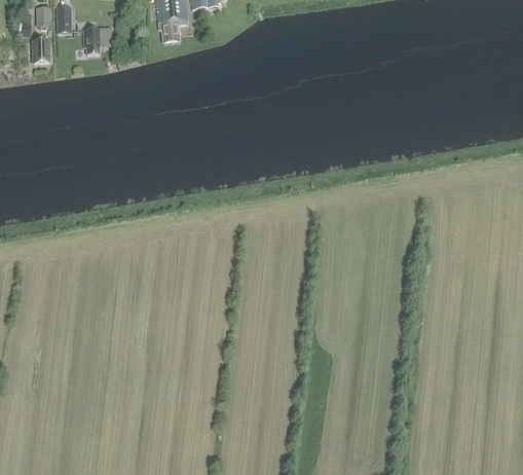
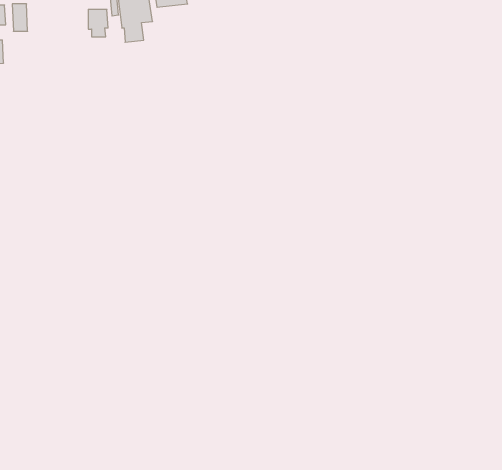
building: [84,27,103,52] -> [88,9,108,37]

